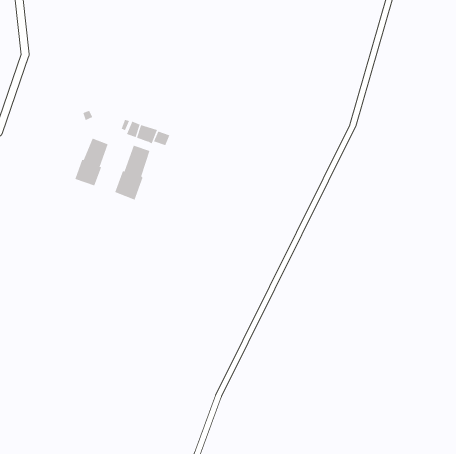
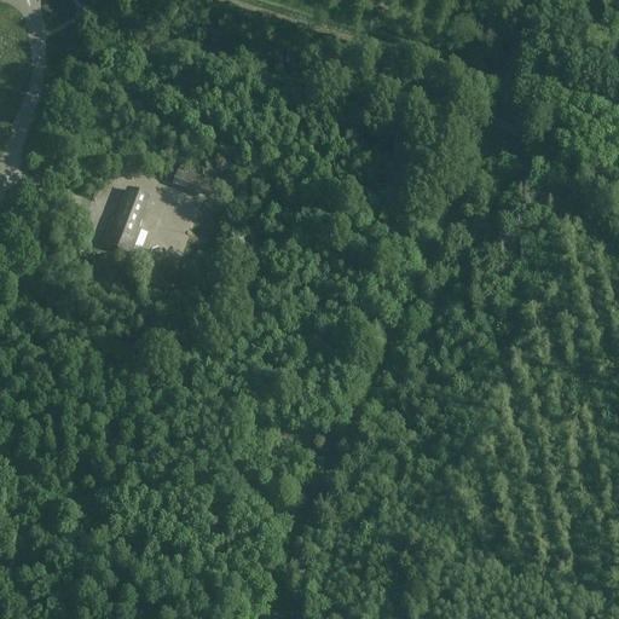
building: [114,145,150,200] -> none

